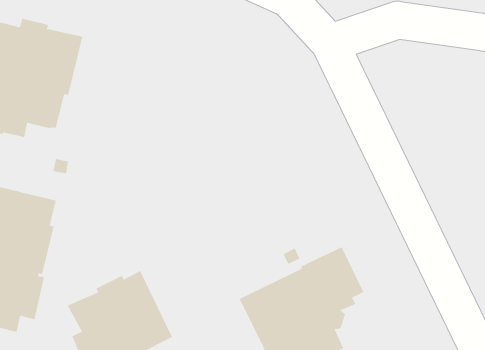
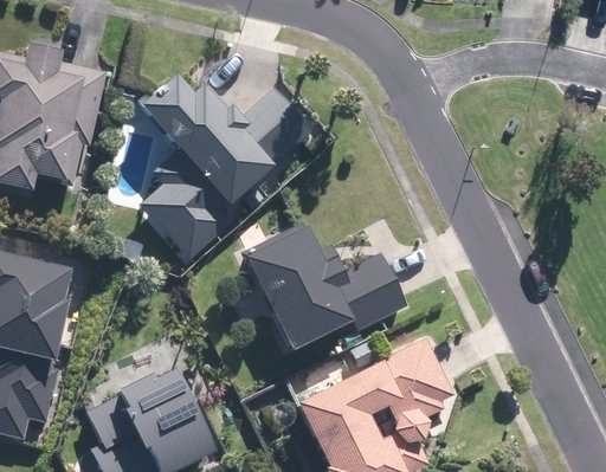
building: none -> [136,82,310,265]
building: none -> [239,221,407,349]

